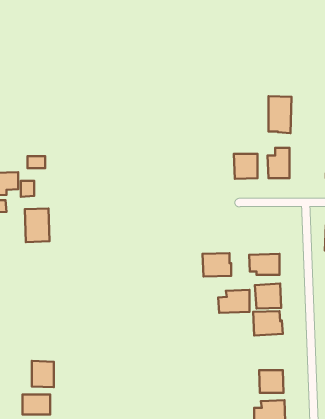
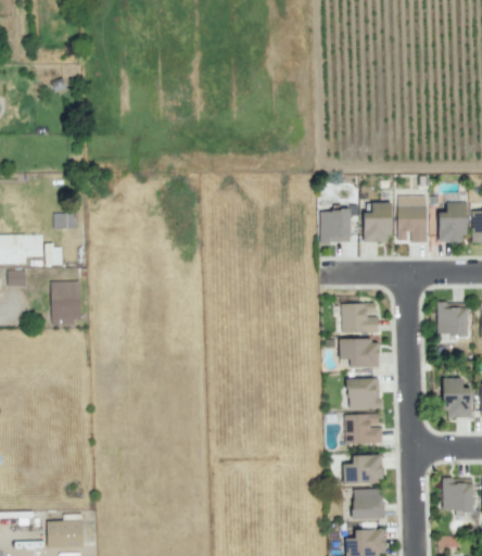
building: [269,96,291,133] -> [397,195,427,243]
building: [203,253,231,277] -> [341,303,378,333]
building: [218,290,249,313] -> [342,455,382,484]
building: [32,361,54,387] -> none

